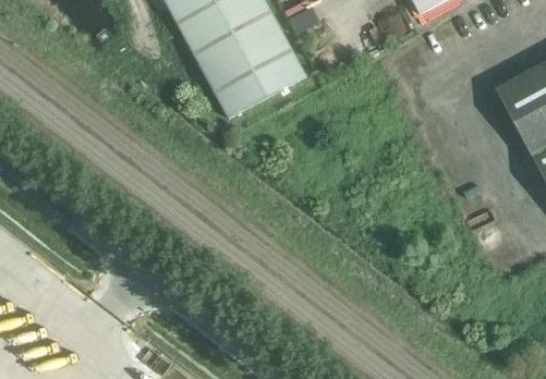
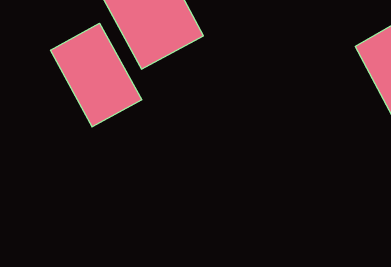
building: none -> [51,23,142,127]

